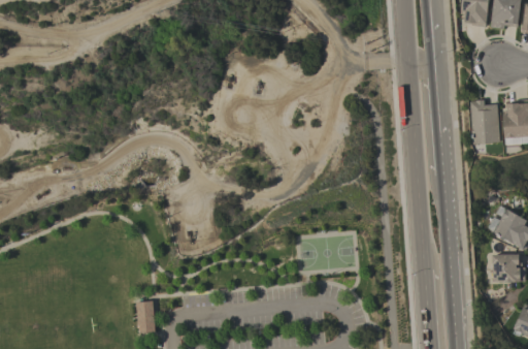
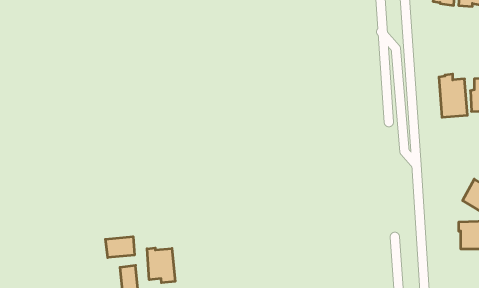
building: none -> [105,237,134,258]
building: none -> [147,248,175,283]

